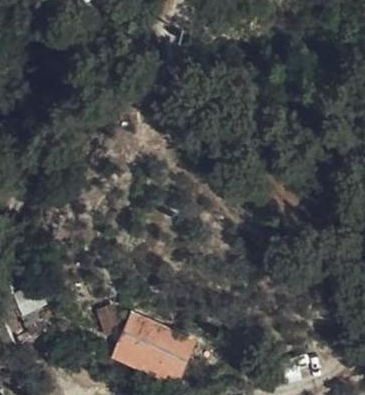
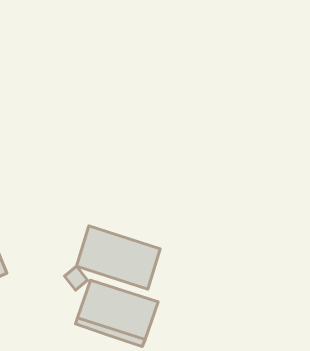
building: none -> [76,226,160,289]

